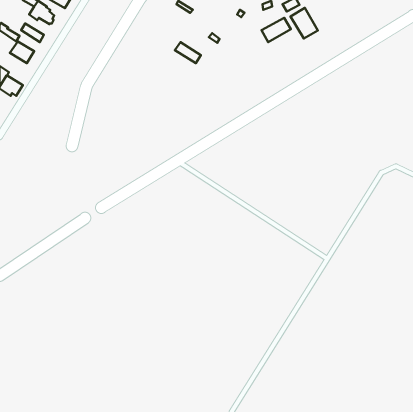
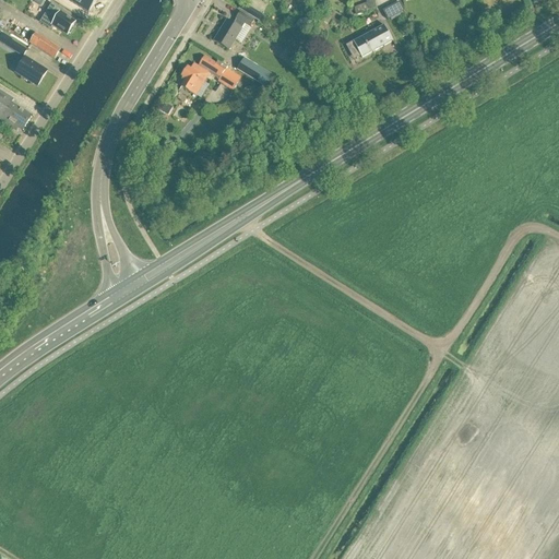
building: none -> [212,10,252,48]
building: [290,8,318,38] -> none
building: none -> [180,55,240,94]

